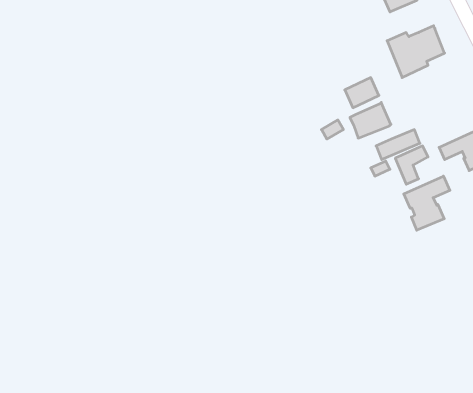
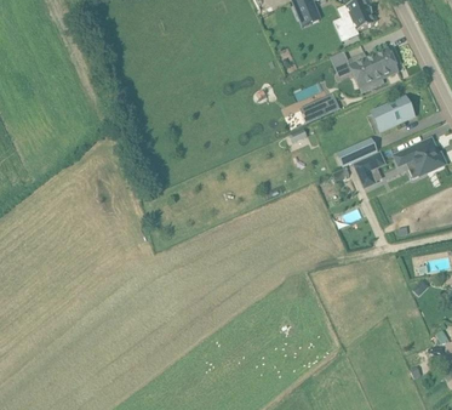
building: [350,102,391,138] -> [378,96,414,127]
building: [404,176,450,230] -> none

